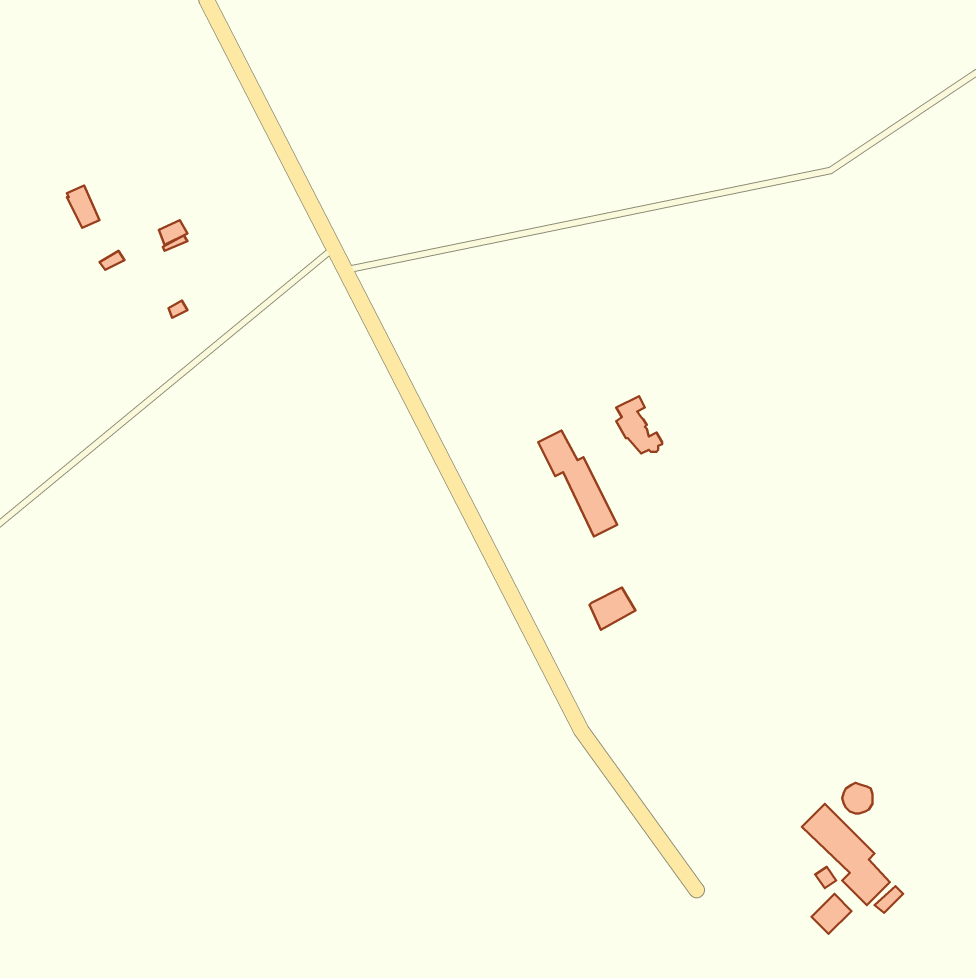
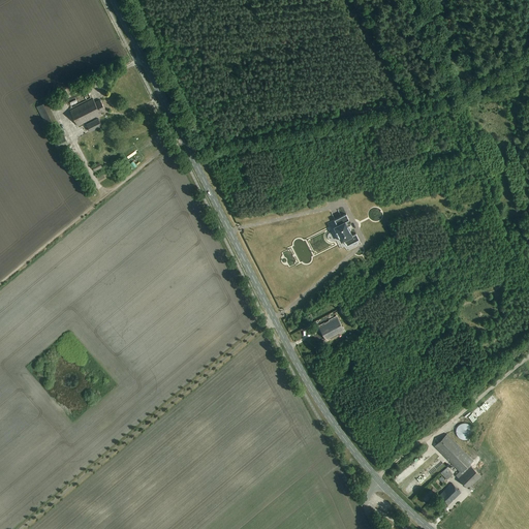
building: none -> [69,99,104,126]
building: [538,431,617,536] -> none

